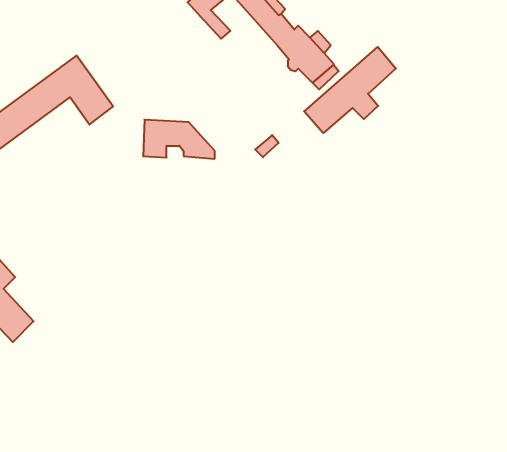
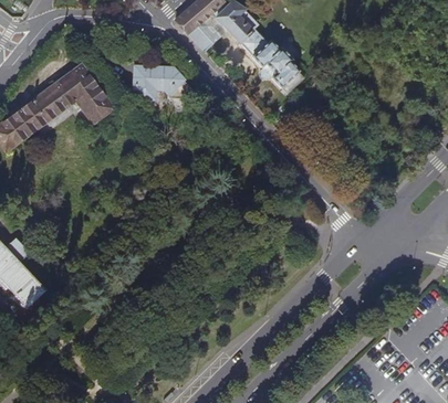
building: [304,47,396,133] -> none
building: [143,120,215,159] -> [133,65,194,98]

